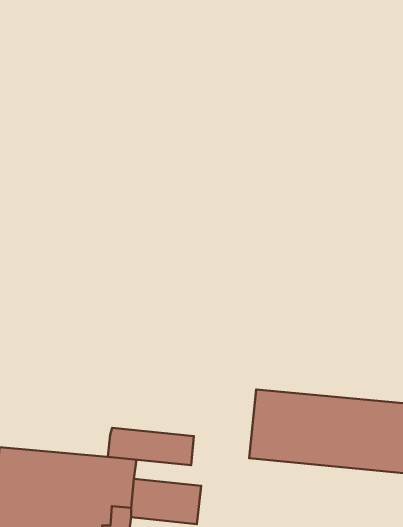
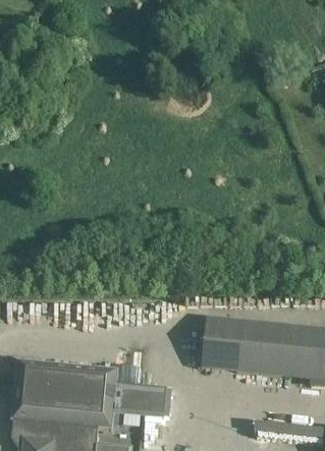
building: [108,428,194,465] -> none

